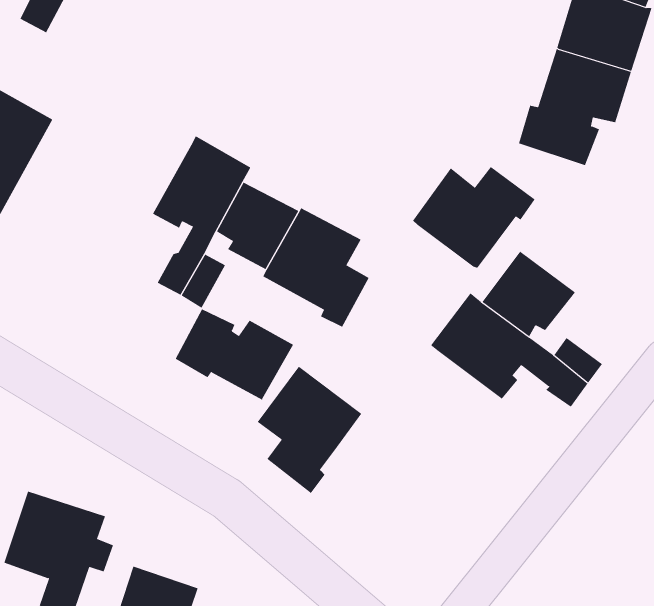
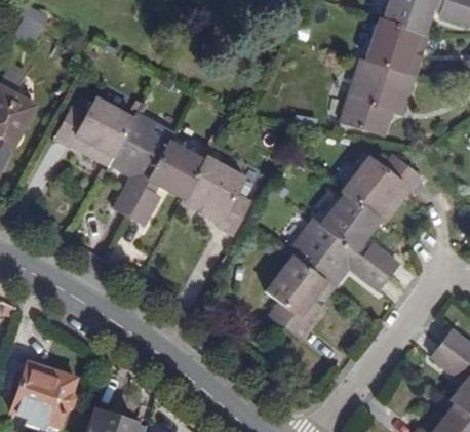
building: none -> [56,100,133,165]
building: [412,166,535,268] -> [342,151,421,217]
building: [175,308,294,401] -> none
building: [257,366,362,494] -> [266,253,334,336]

